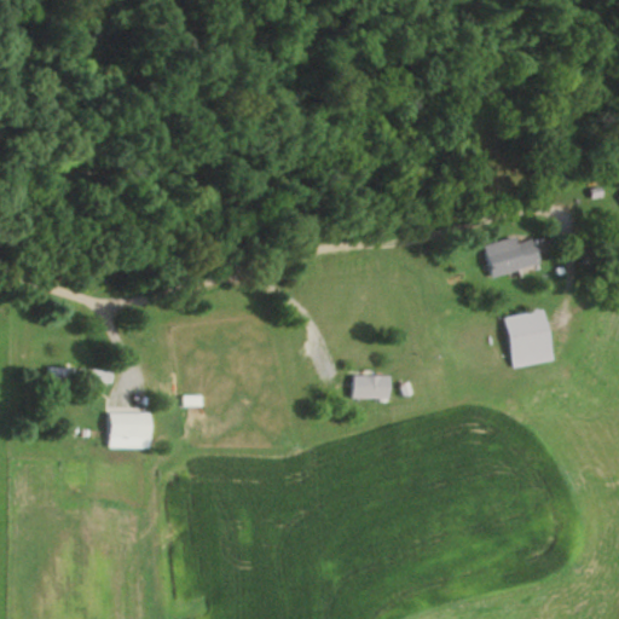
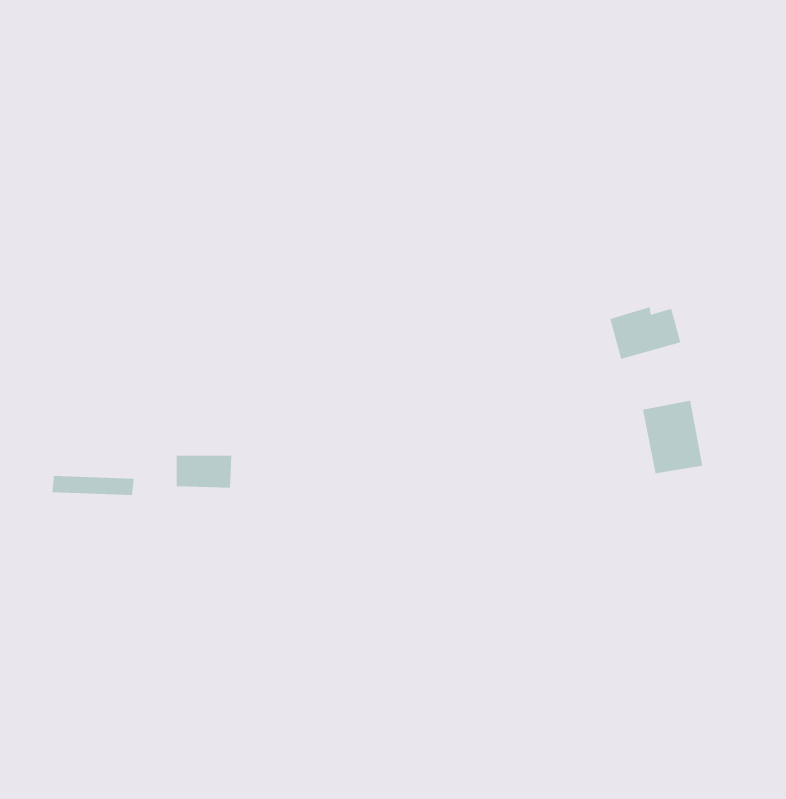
building: [354,376,392,399] -> none
building: [105,413,149,439] -> [176,455,232,488]

